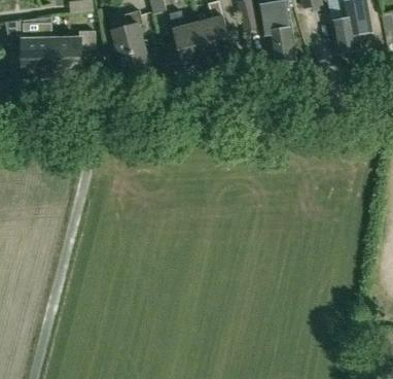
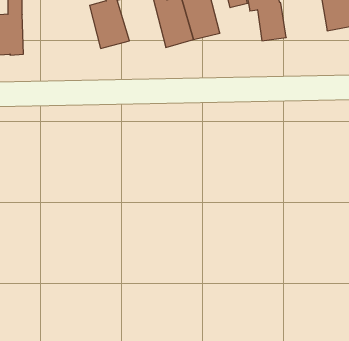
building: [50,29,95,78] -> none

